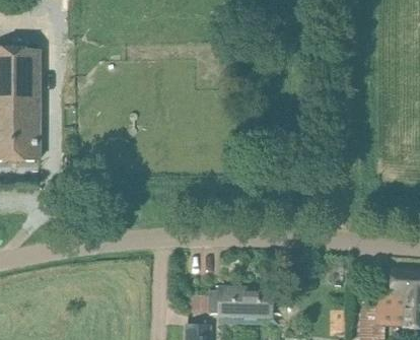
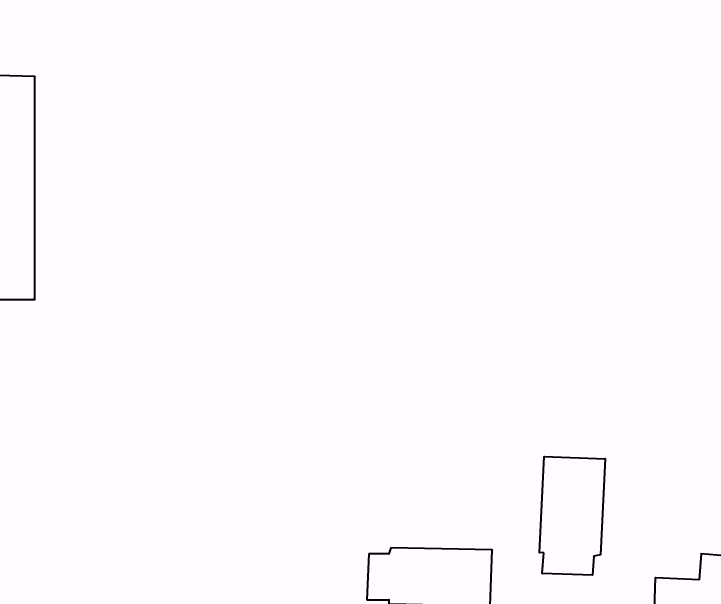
building: none -> [539,457,605,575]

